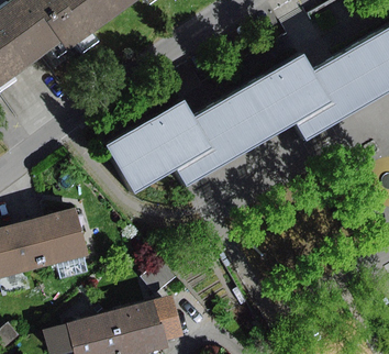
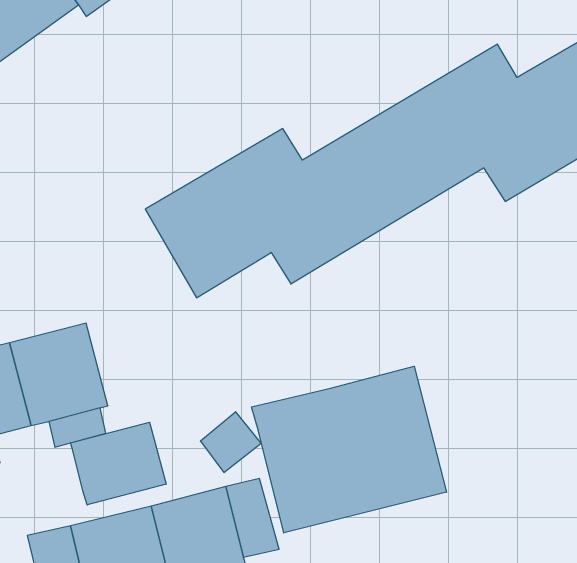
building: none -> [252,366,447,533]
building: none -> [71,422,166,505]

